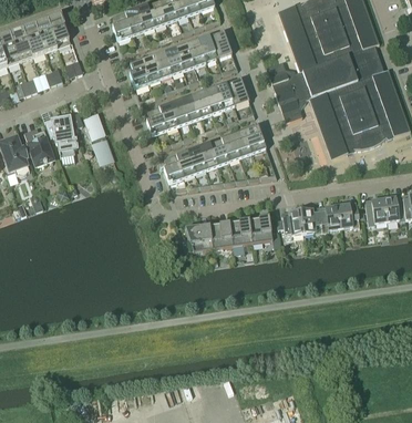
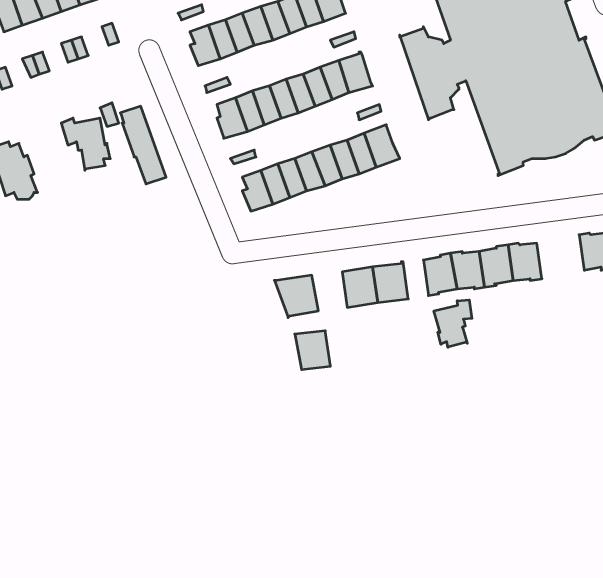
building: [23,126,52,165] -> none
building: [364,197,387,225] -> none
building: [208,221,231,247] -> [295,331,330,370]
building: none -> [434,300,472,347]

